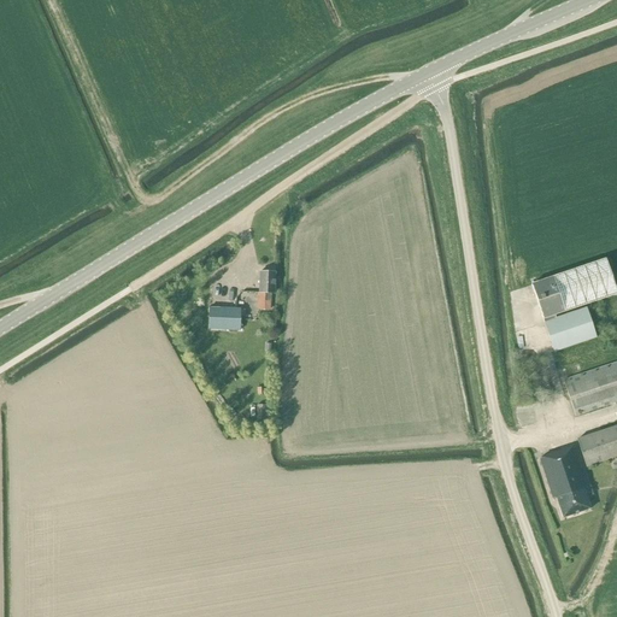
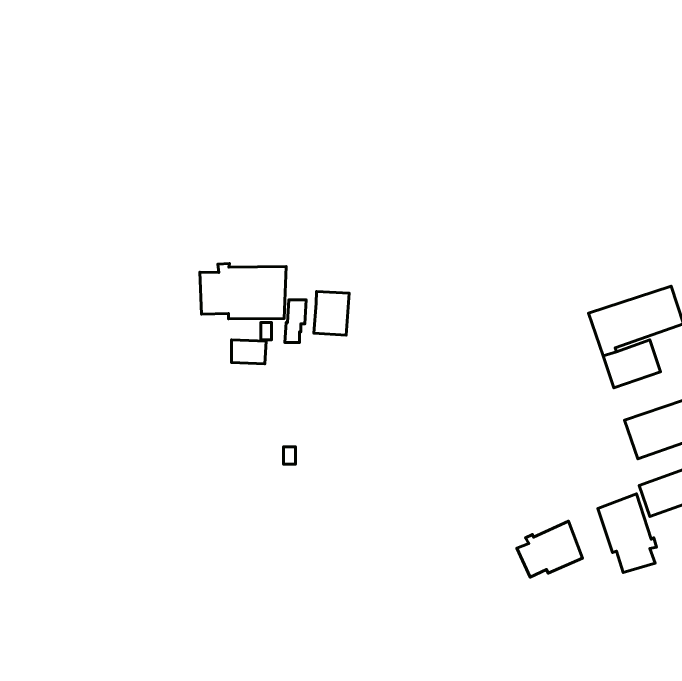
building: none -> [200,263,286,319]
building: none -> [314,291,349,335]
building: none -> [517,521,583,577]

